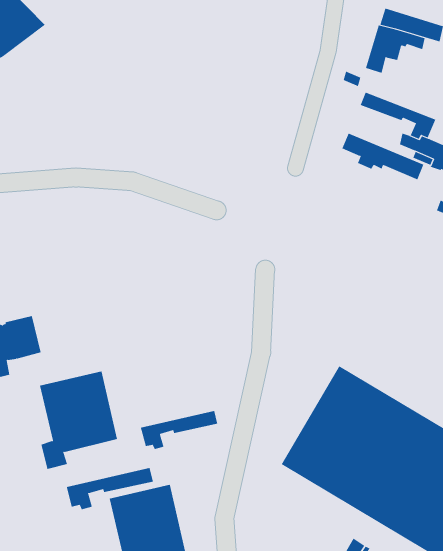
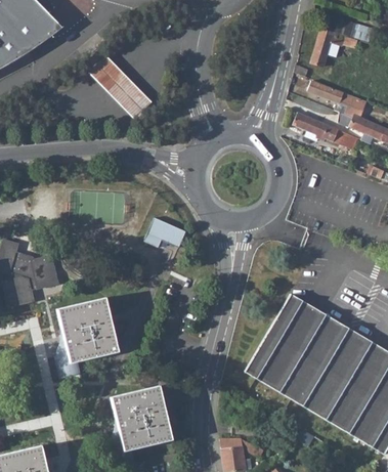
building: none -> [90,56,154,121]
building: none -> [144,216,185,246]
building: [140,410,218,450] -> none
building: [66,467,154,510] -> none

